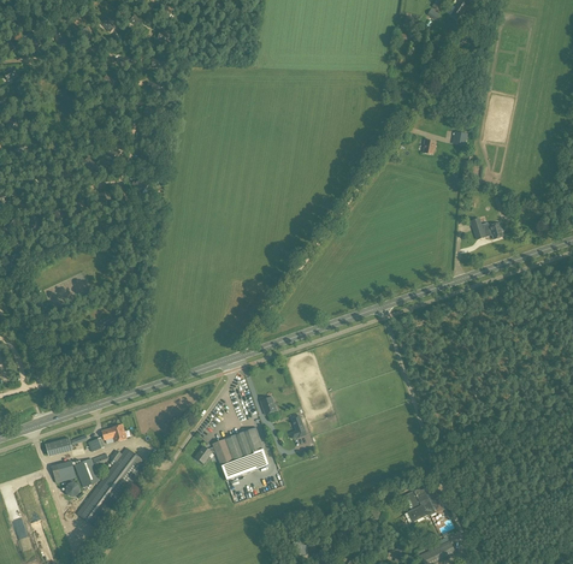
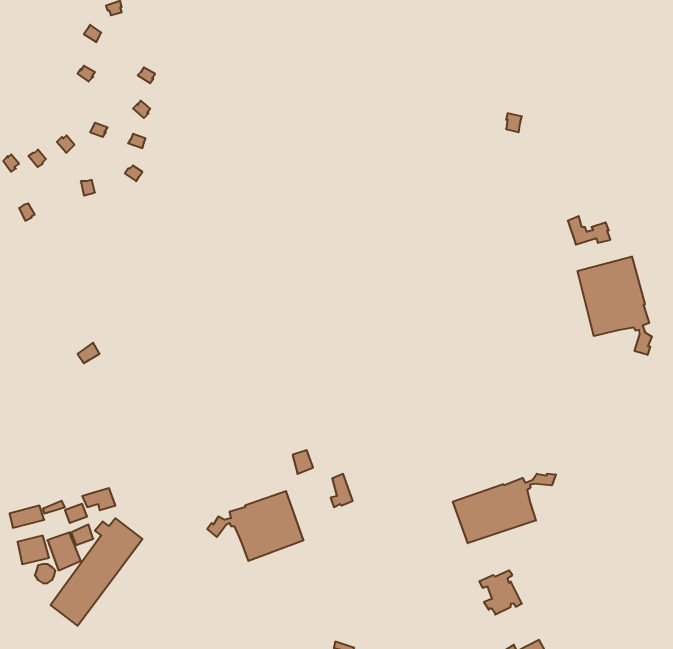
building: none -> [578,256,652,355]
building: none -> [453,474,556,543]

